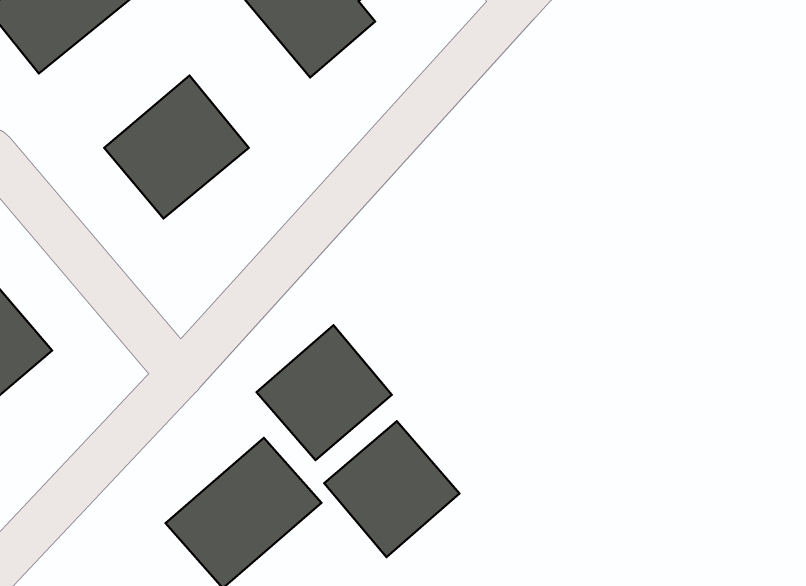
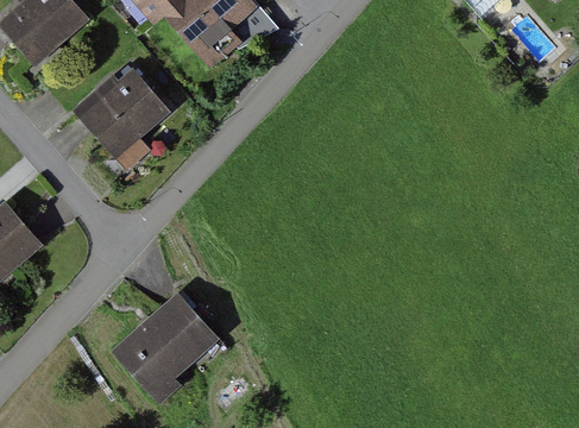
building: [257,325,392,460] -> none
building: [324,421,460,557] -> none

